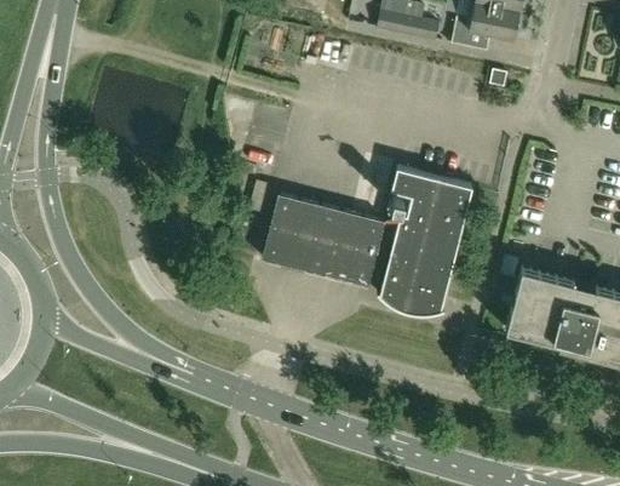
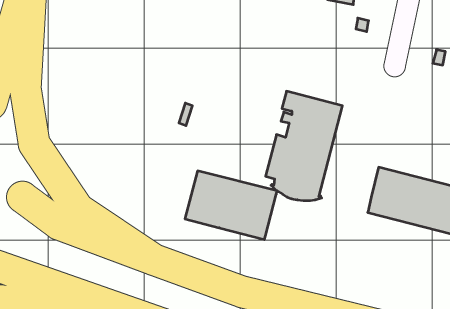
building: [262,194,385,286] -> [185,171,277,240]

